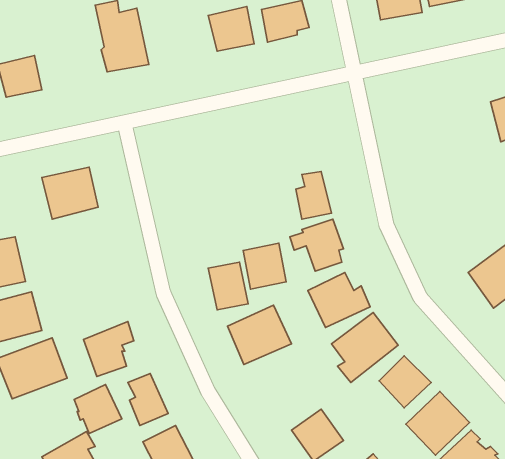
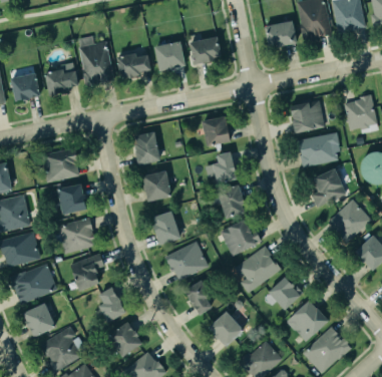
building: none -> [116,52,150,78]
building: none -> [45,63,79,94]
building: none -> [292,102,325,132]
building: none -> [203,117,232,146]
building: none -> [132,130,159,164]
building: none -> [299,132,341,167]
building: none -> [312,169,347,209]
building: none -> [56,182,86,214]
building: [243,243,286,289] -> [143,171,172,203]
building: none -> [57,217,94,253]
building: none -> [183,279,212,315]
building: [74,385,122,434] -> [23,303,55,336]

